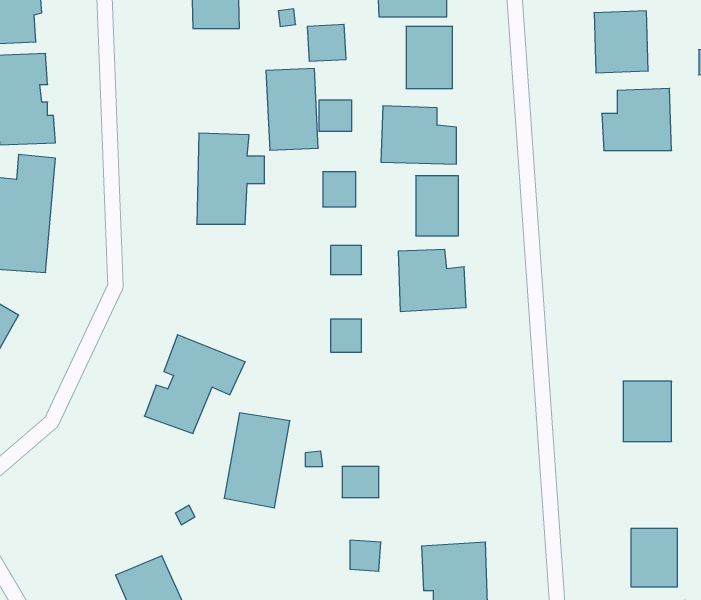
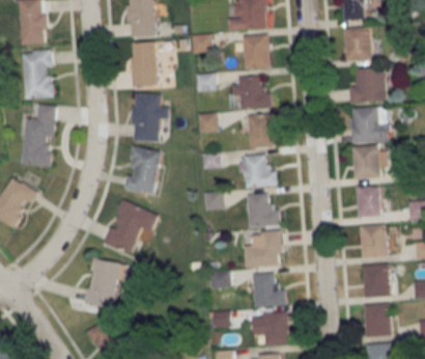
building: [266,69,318,150] -> [130,43,158,86]
building: none -> [349,106,389,142]
building: none -> [124,146,164,196]
building: none -> [353,146,387,177]
building: none -> [357,187,379,216]
building: none -> [248,194,280,226]
building: none -> [244,231,281,267]
building: [224,413,290,508] -> [85,258,120,309]
building: none -> [362,264,389,298]
building: none -> [252,274,285,305]

